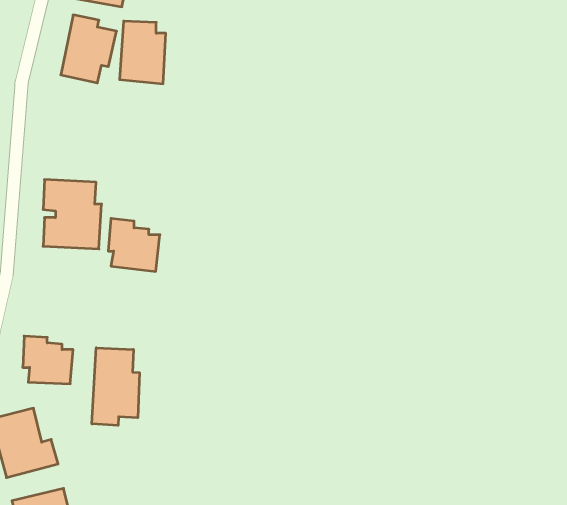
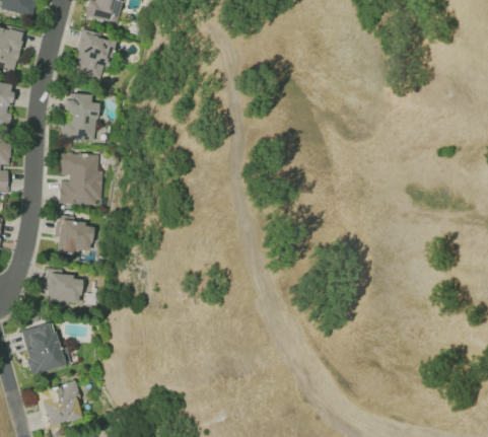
building: [120,21,166,84] -> [64,93,98,140]
building: [108,218,160,271] -> [56,214,94,253]
building: [92,348,139,425] -> none

